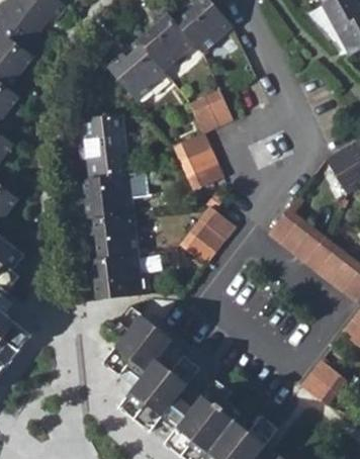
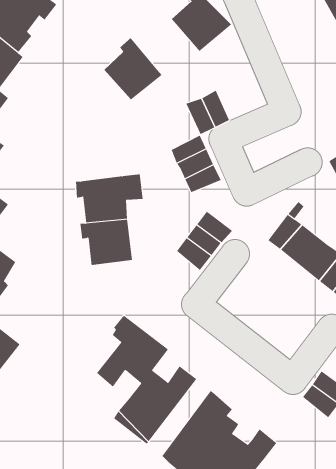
building: [137,9,194,71] -> none
building: [78,113,128,178] -> none
building: [92,254,149,298] -> none

